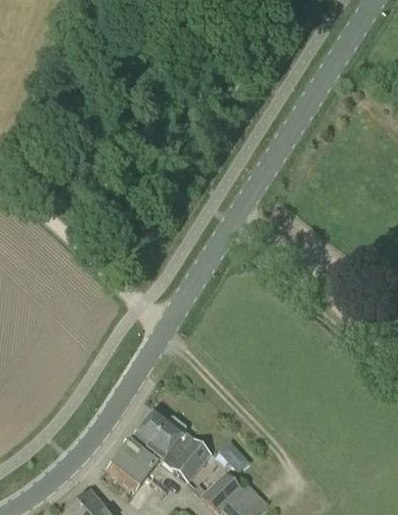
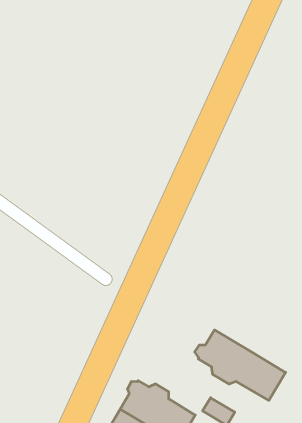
building: none -> [195,330,286,400]

